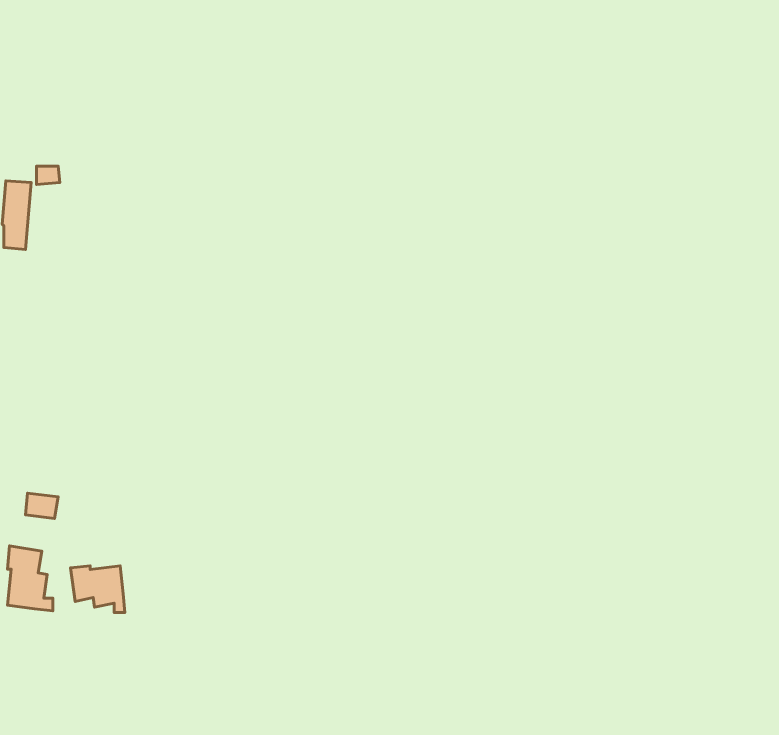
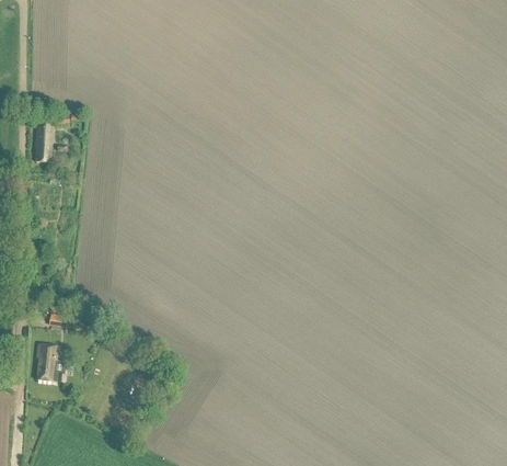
building: [71,566,125,613] -> none

